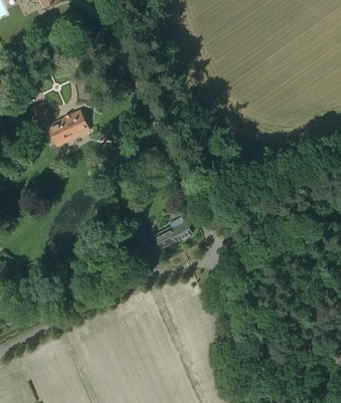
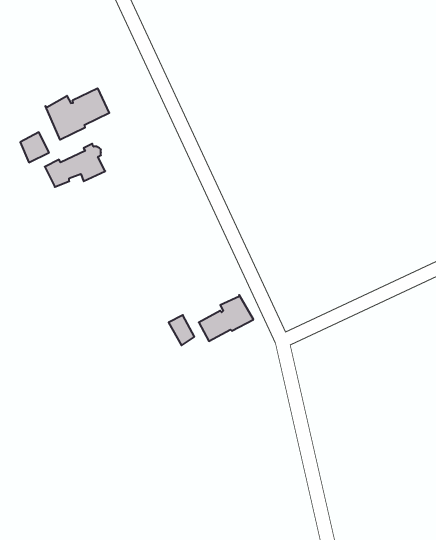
building: none -> [45,88,109,140]

